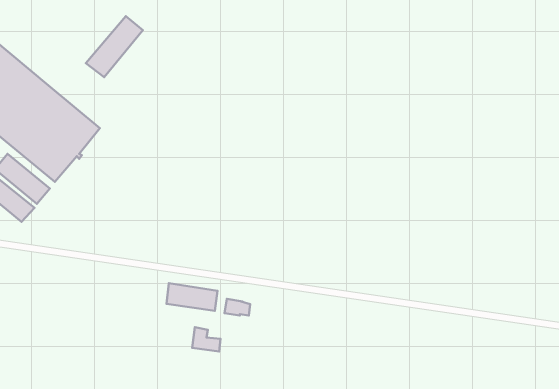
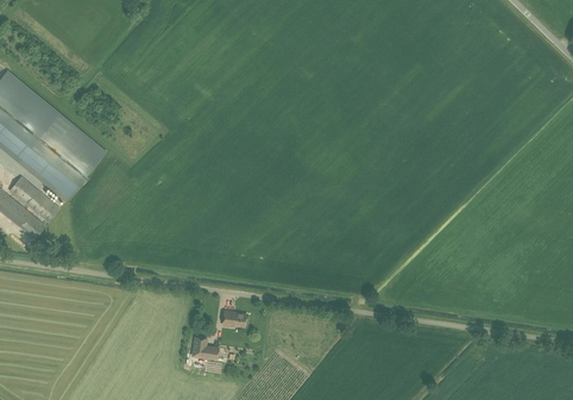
building: [86,16,143,77] -> none
building: [166,283,218,311] -> none

